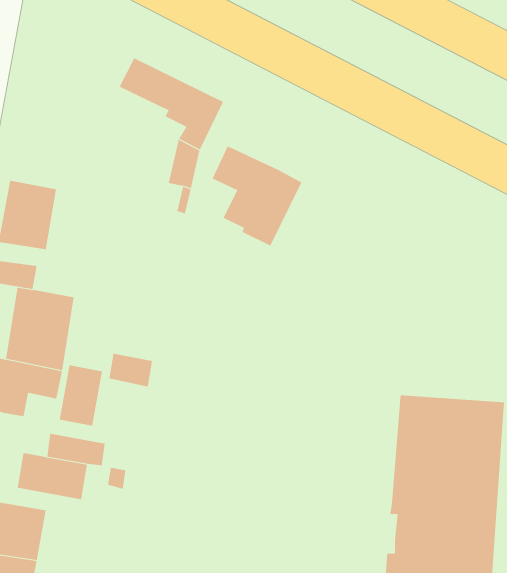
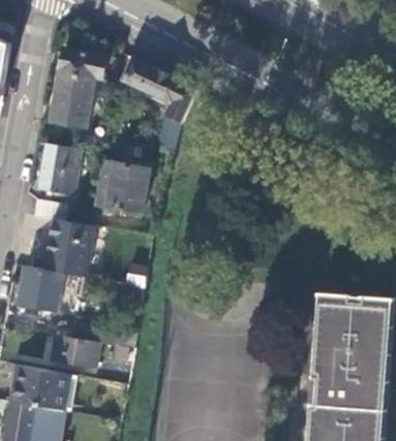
building: none -> [49,48,105,128]
building: [212,146,302,247] -> none
building: none -> [91,160,148,214]
building: [59,364,102,427] -> none

